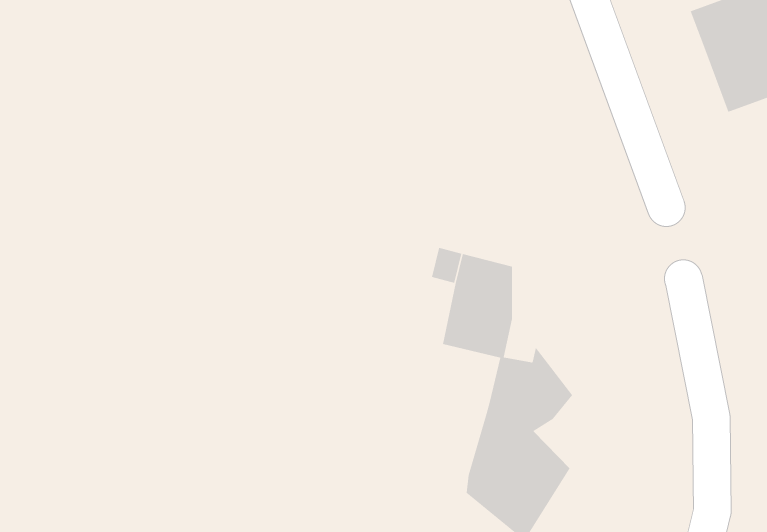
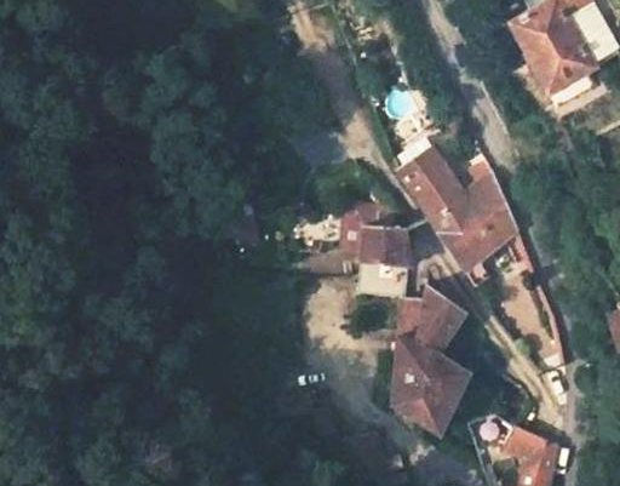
building: none -> [400,145,517,275]

